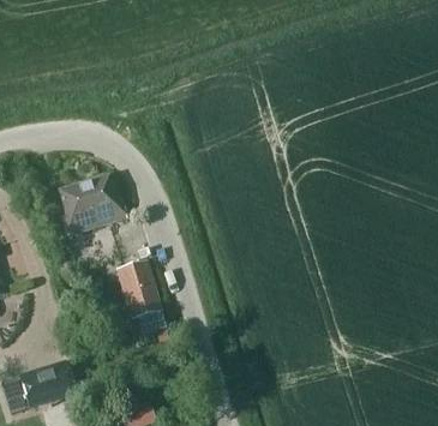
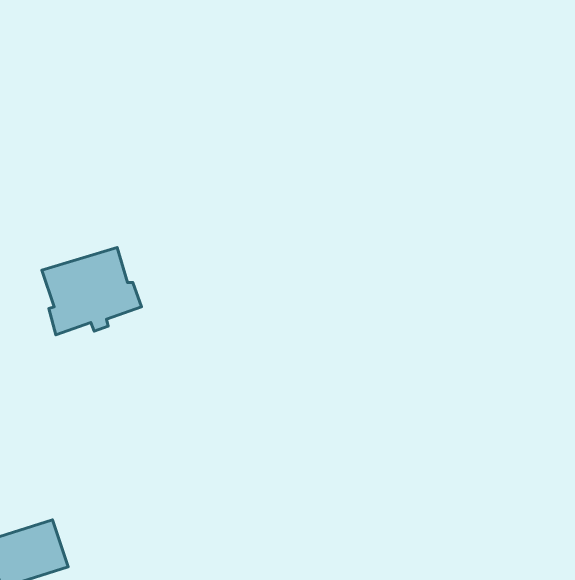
building: [113,262,161,320] -> none

